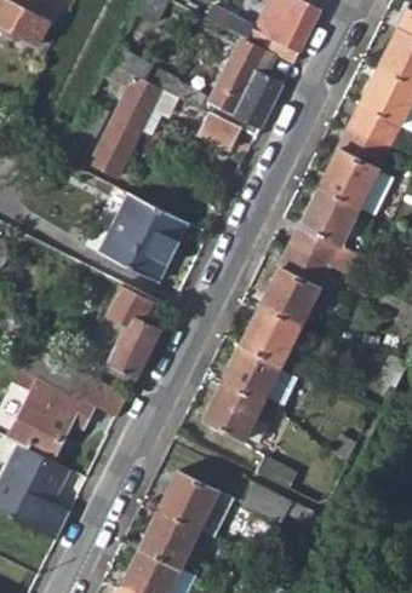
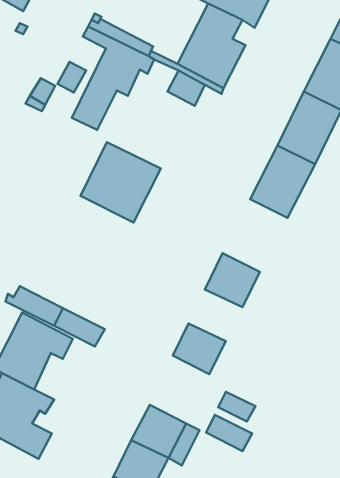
building: [258,251,330,330] -> none
building: [105,278,161,375] -> none
building: [221,350,280,407] -> none

